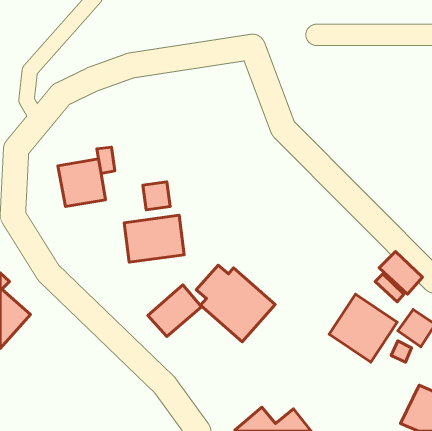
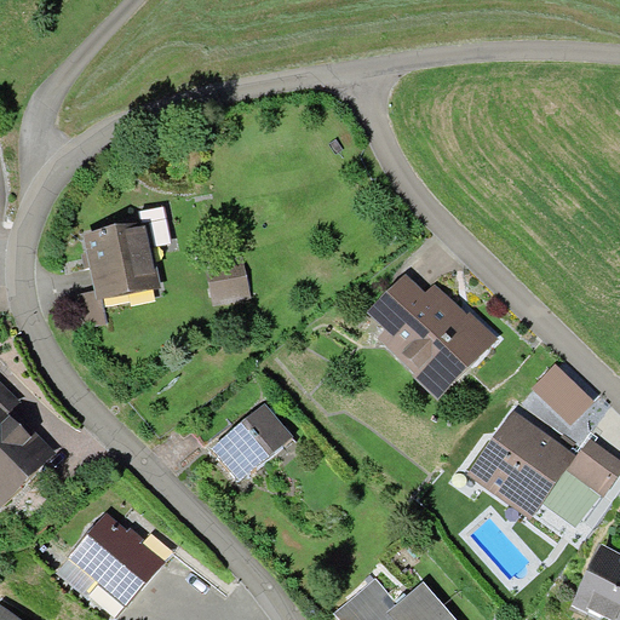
building: [124,215,184,262] -> none
building: [196,265,275,342] -> [375,282,488,391]
building: none -> [61,516,157,599]

